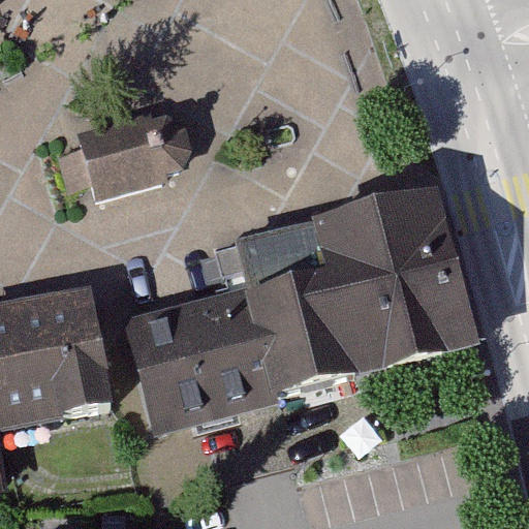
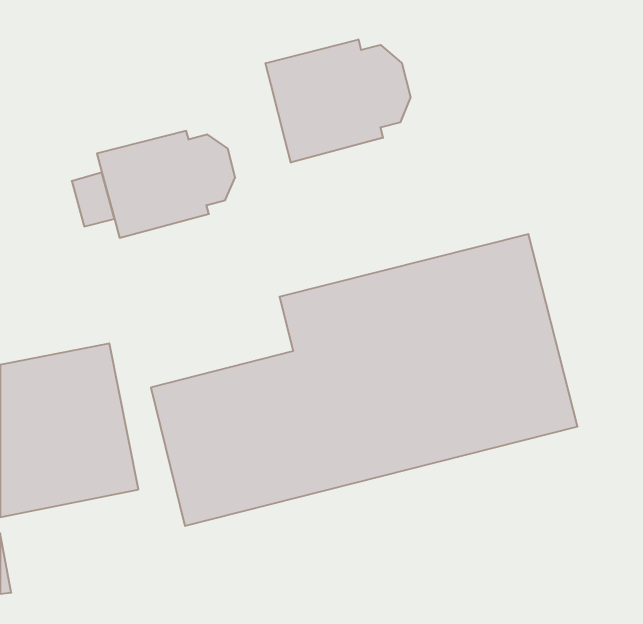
building: none -> [266,39,411,163]

